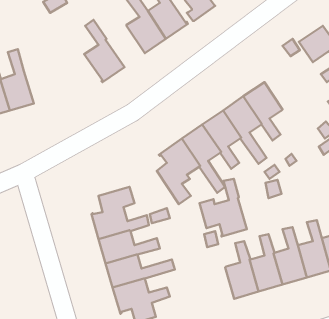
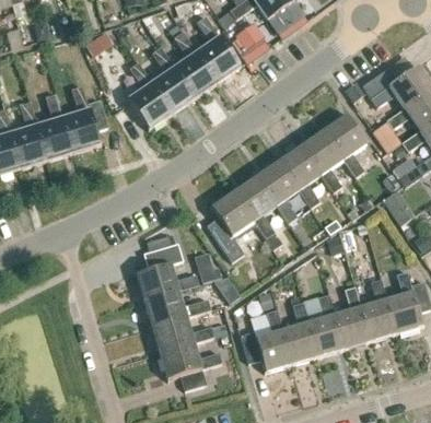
building: none -> [152,45,195,111]
building: none -> [63,84,108,151]
building: none -> [325,111,368,176]
building: [199,179,247,236] -> [241,308,292,371]

